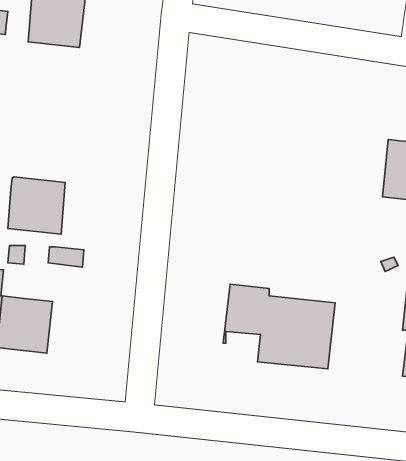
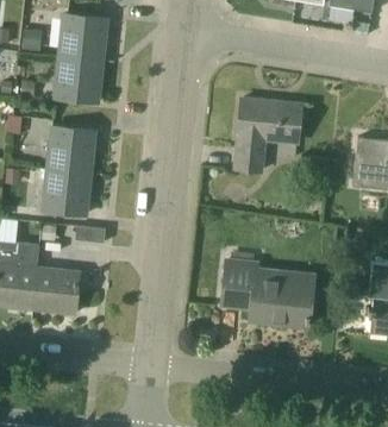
building: none -> [54,57,101,103]
building: none -> [234,99,301,172]
building: none -> [46,127,94,174]

